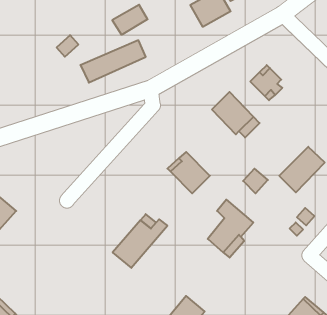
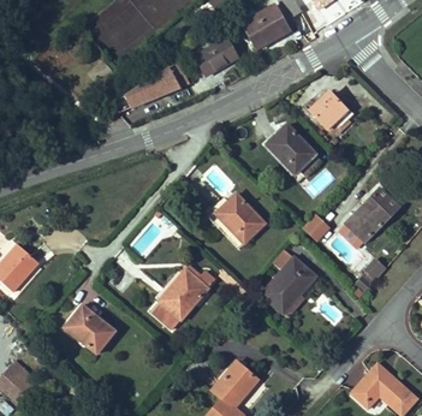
building: [112,5,148,35] -> [194,40,234,75]
building: none -> [64,304,113,352]

